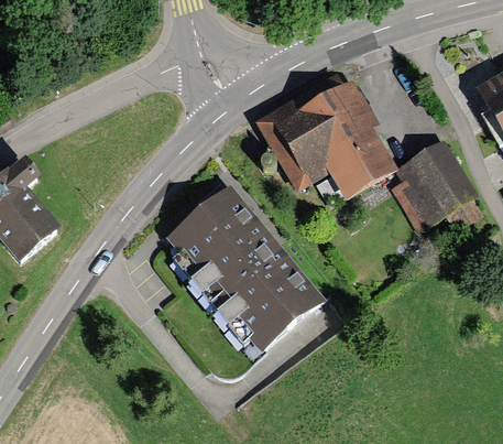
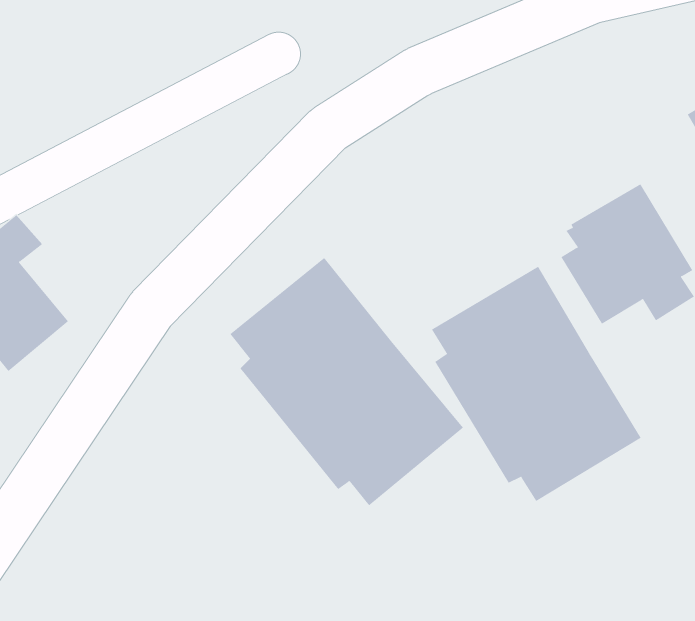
building: [255,71,398,198] -> none
building: none -> [431,266,641,502]

